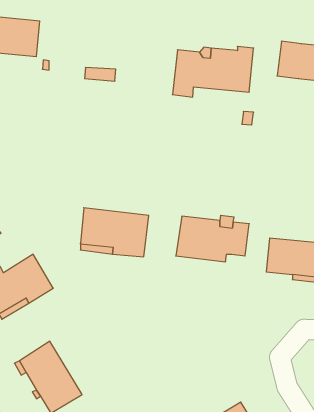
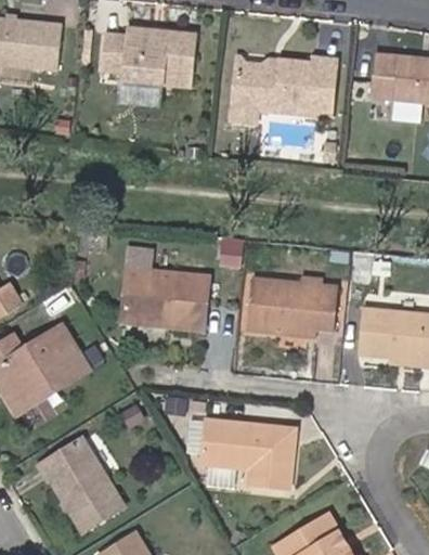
building: none -> [106,28,201,90]
building: none -> [200,421,295,490]

